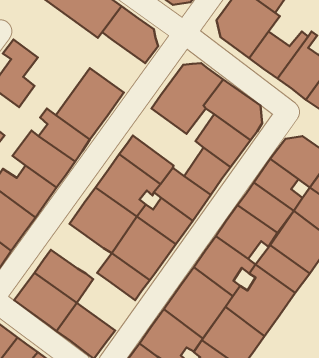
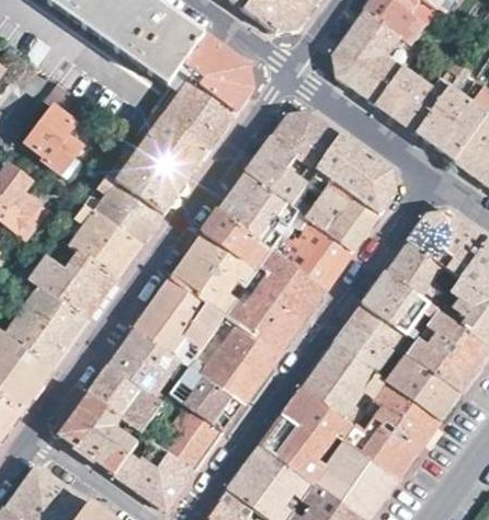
building: none -> [160,81,235,152]
building: none -> [218,174,298,251]
building: none -> [107,330,179,396]
building: none -> [148,406,221,473]

